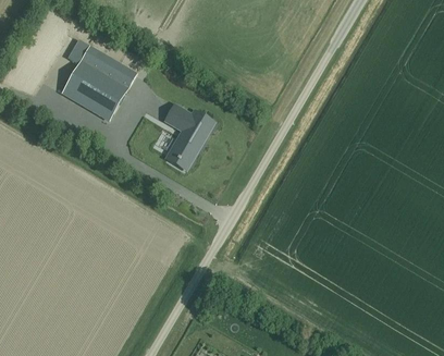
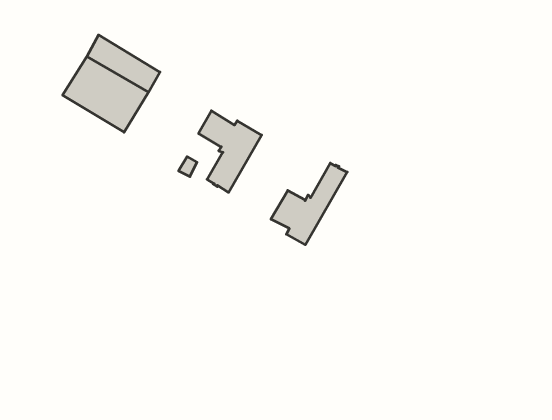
building: none -> [271,163,347,245]

